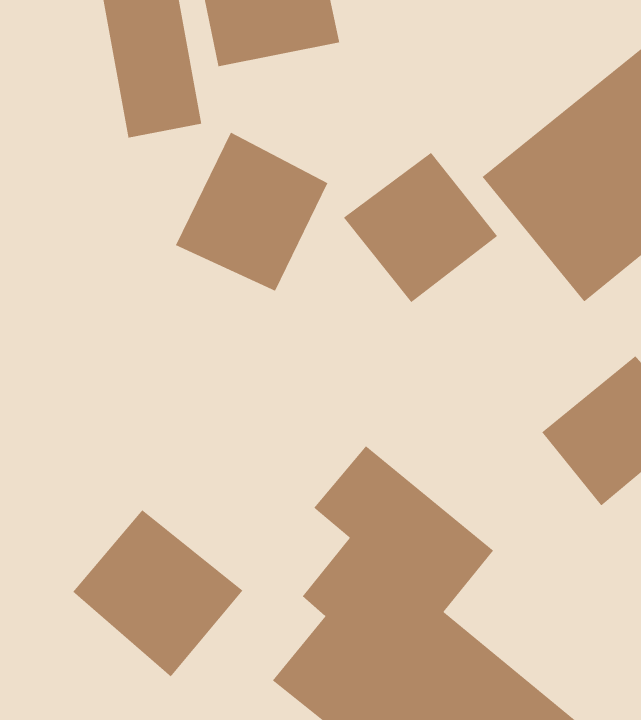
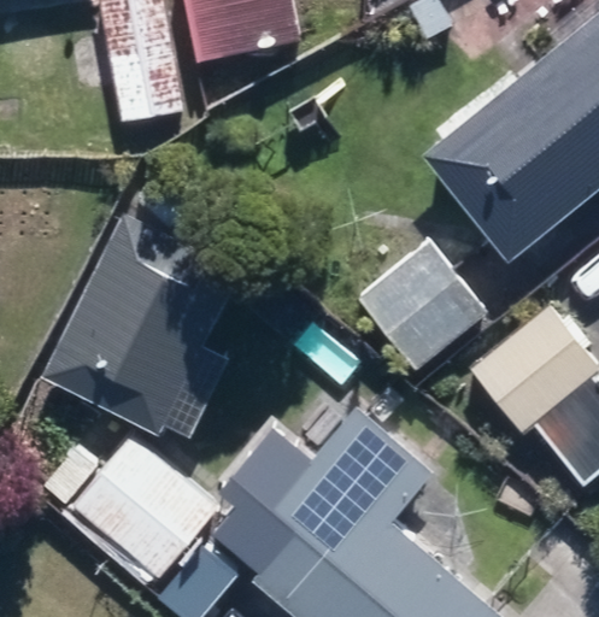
building: [175,132,328,292] -> none
building: [343,152,498,303] -> [357,242,488,370]
building: none -> [41,213,239,435]

